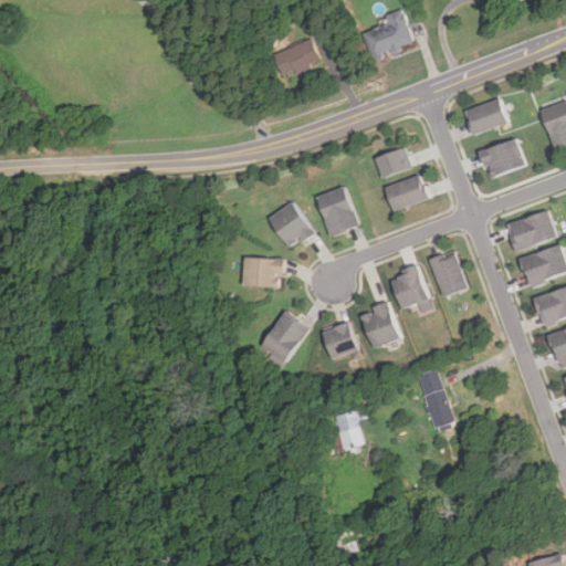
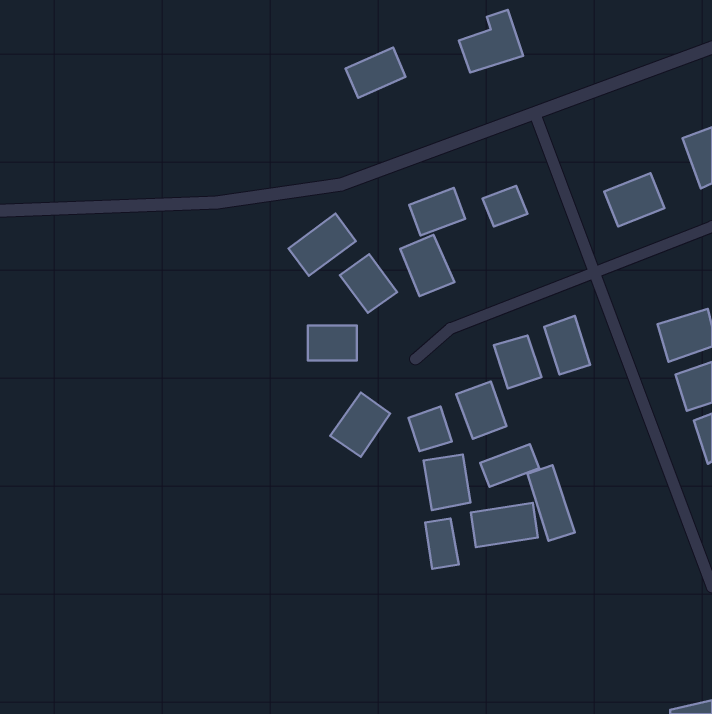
building: [464,97,507,134] -> none
building: none -> [288,214,356,276]
building: [390,175,434,212] -> [409,188,465,235]
building: [506,210,555,250] -> none
building: none -> [480,444,539,487]
building: none -> [424,454,471,510]
building: none -> [471,503,538,547]

